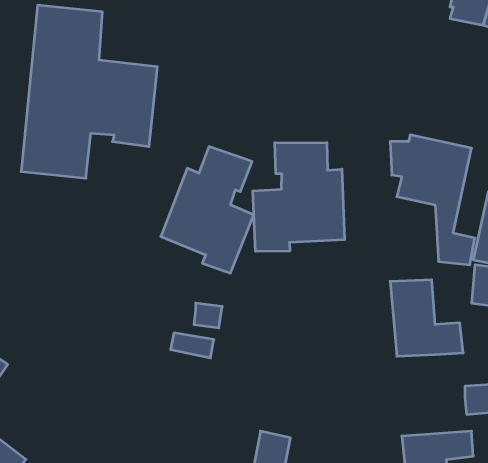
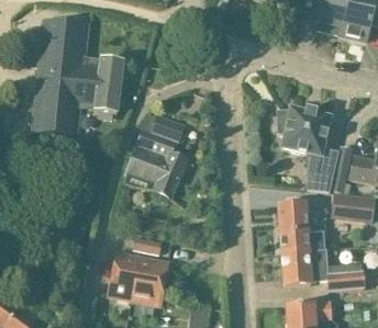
building: [253,143,345,251] -> none
building: none -> [282,251,311,286]
building: none -> [109,252,169,306]

